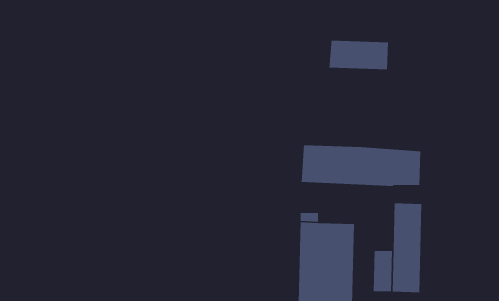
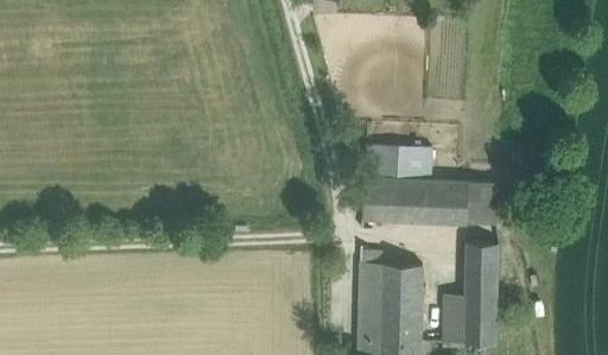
building: [329,40,389,70] -> [365,145,432,179]

